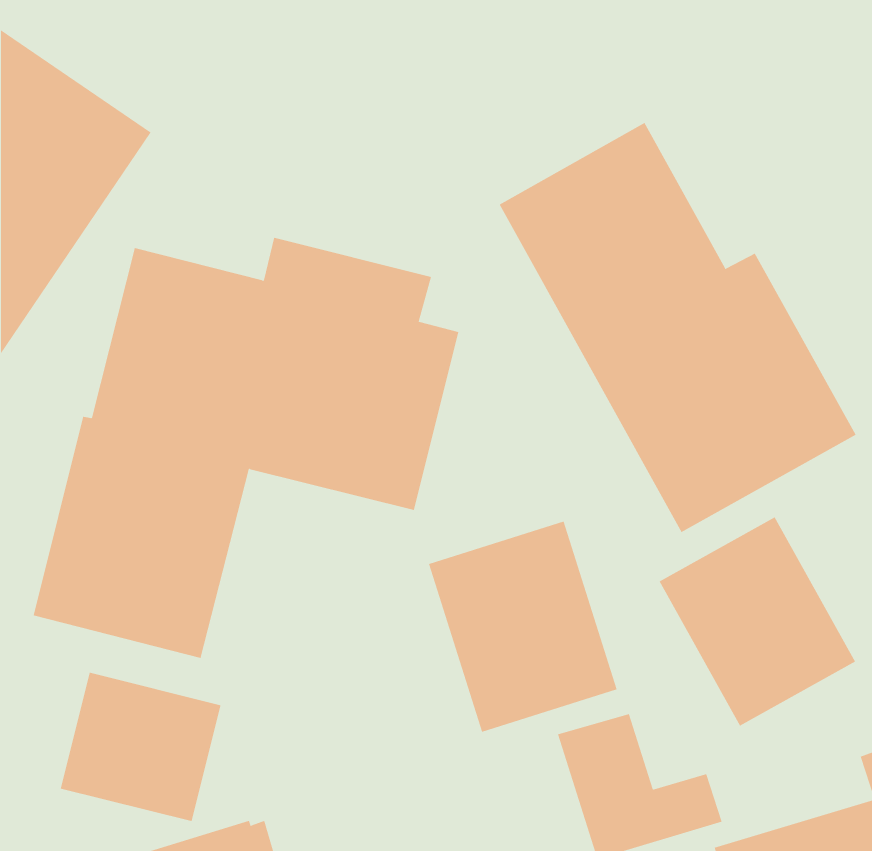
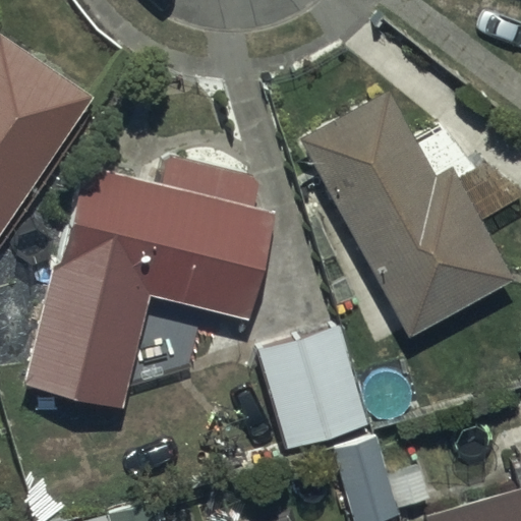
building: [659,517,856,727] -> none
building: [60,672,221,822] -> none

